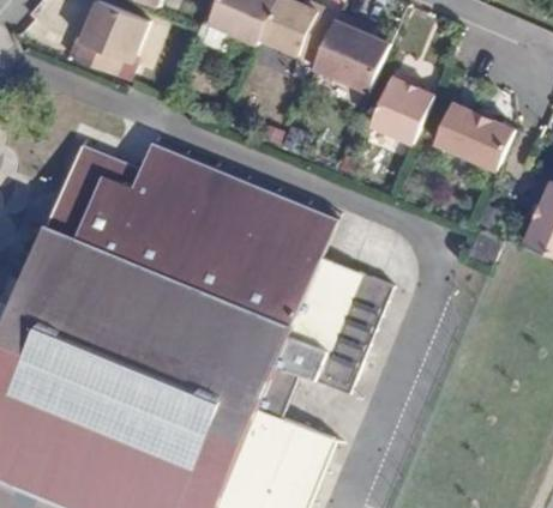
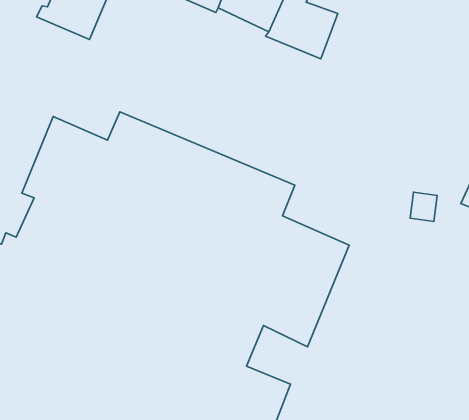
building: [368,69,432,141] -> none
building: [434,103,512,170] -> none

